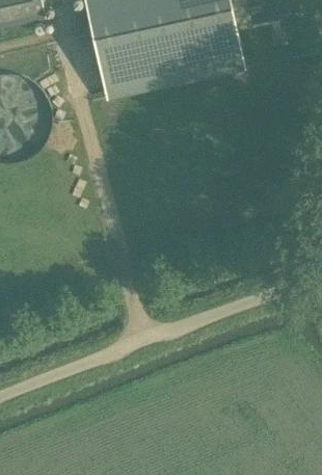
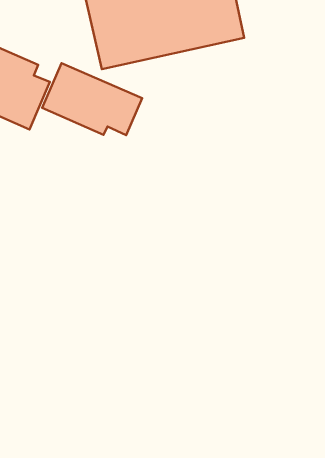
building: none -> [42,63,142,135]

